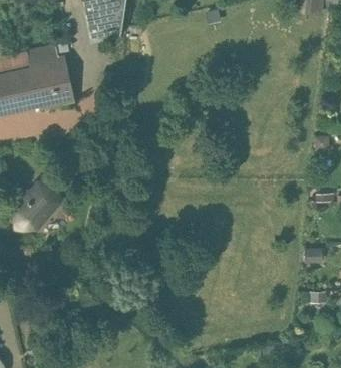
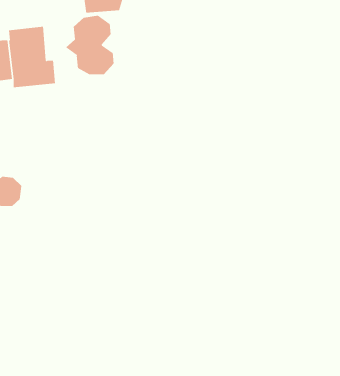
building: none -> [65,15,114,75]

